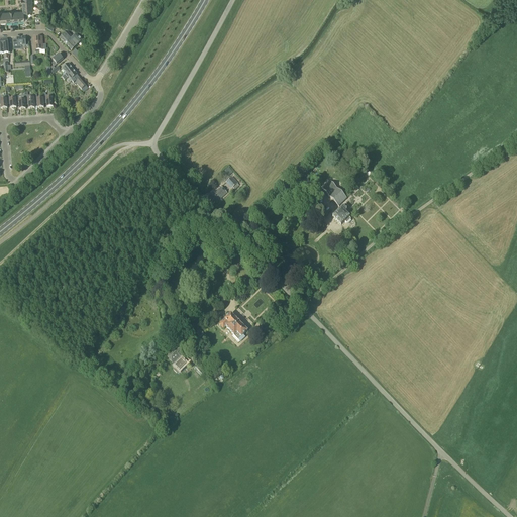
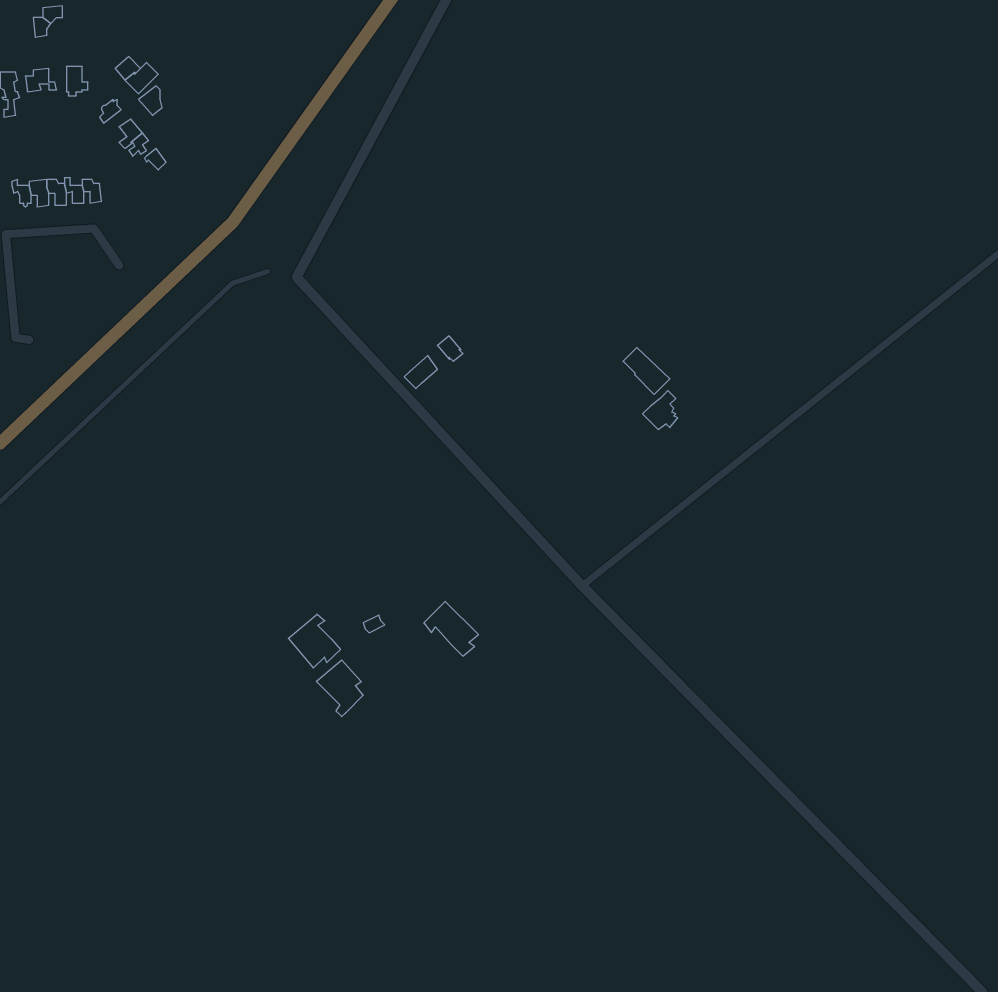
building: none -> [288,614,340,668]

